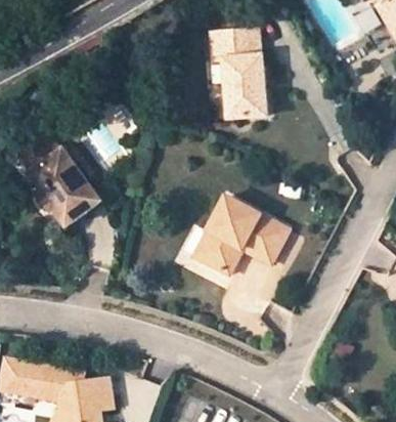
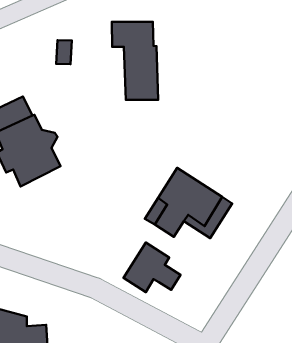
building: [208,29,265,115] -> [112,22,158,100]
building: none -> [124,242,180,292]

